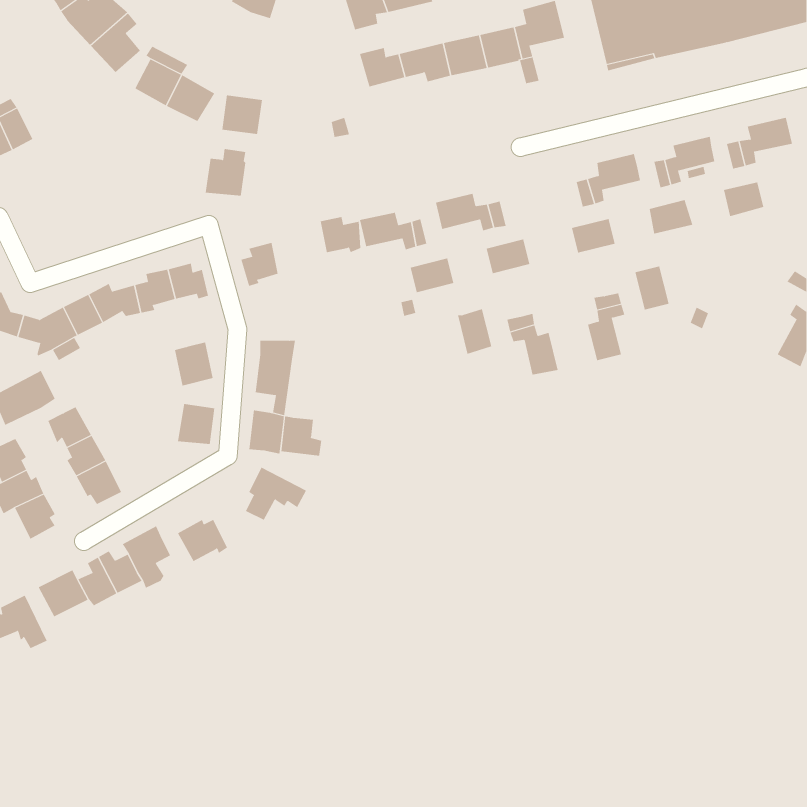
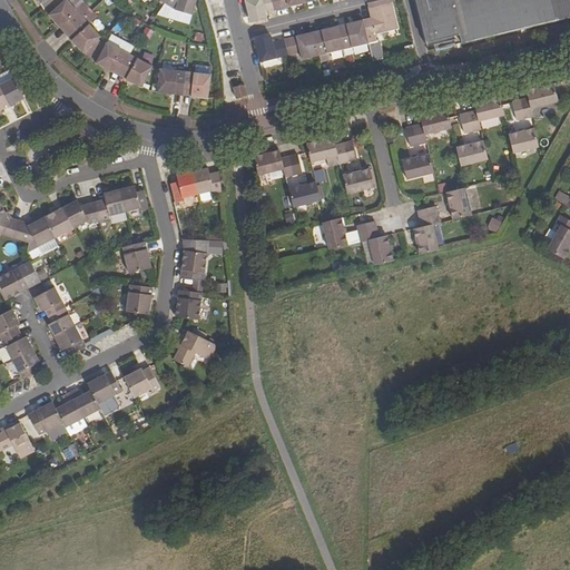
building: [205,149,246,196] -> [181,63,210,97]
building: [320,216,361,253] -> [191,167,220,193]
building: [281,415,322,457] -> none

